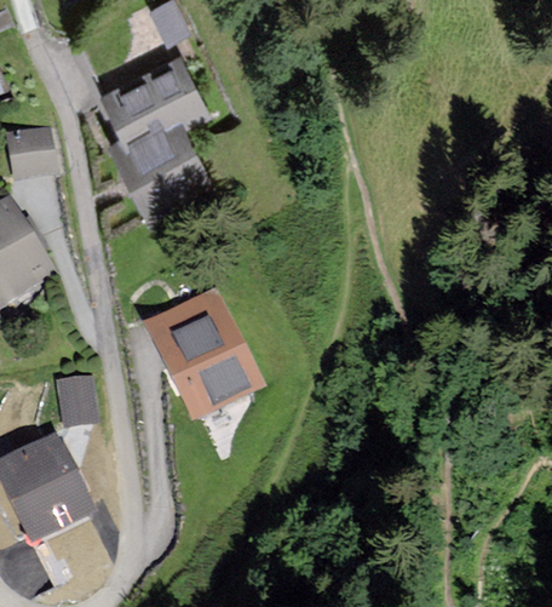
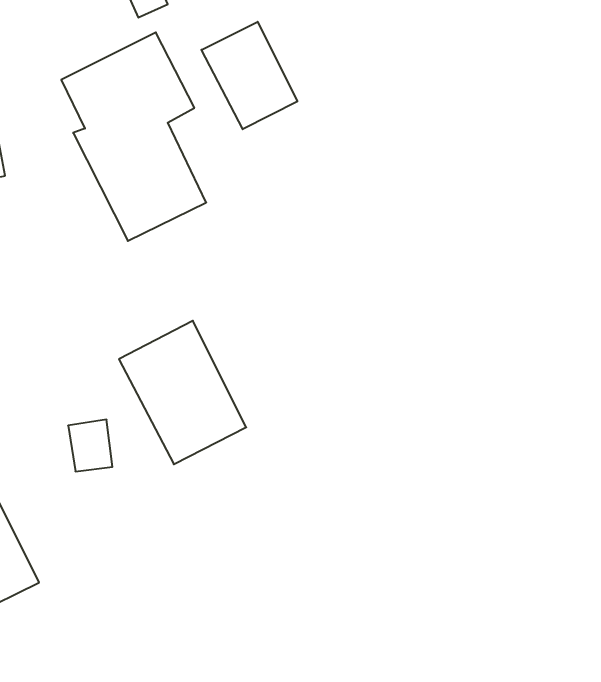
building: none -> [201,22,297,129]
building: [57,374,93,417] -> [68,420,112,471]

